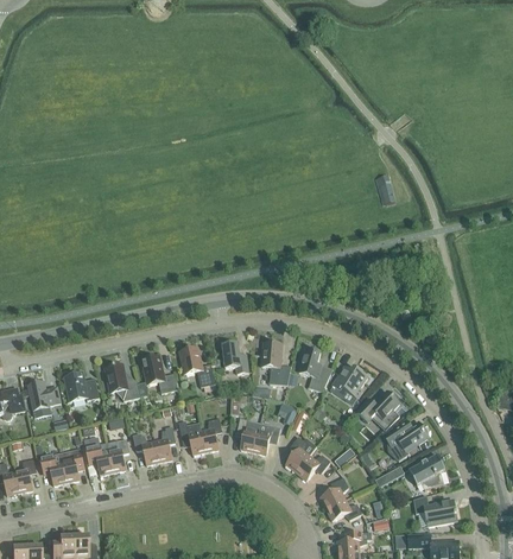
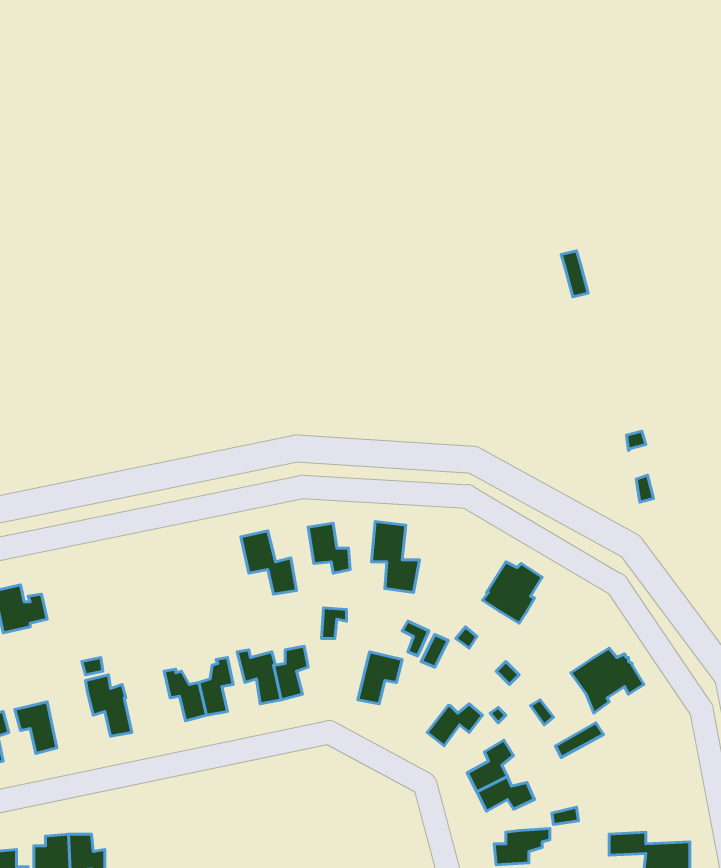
building: [297,347,331,390] -> none
building: [140,355,176,393] -> none
building: [103,363,139,400] -> none
building: [61,371,99,401] -> none
building: [355,389,399,425] -> none
building: [235,418,259,451] -> none
building: [285,436,316,471] -> none
building: [106,438,128,471] -> none
building: [59,447,83,481] -> none
building: [407,453,444,489] -> none
building: [412,495,456,525] -> none

